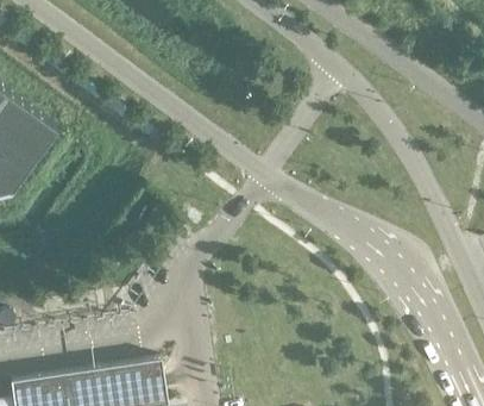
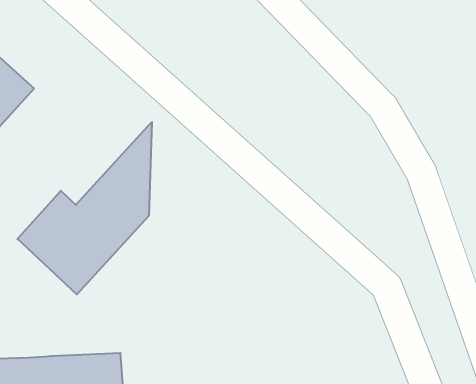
building: none -> [17,122,152,294]

